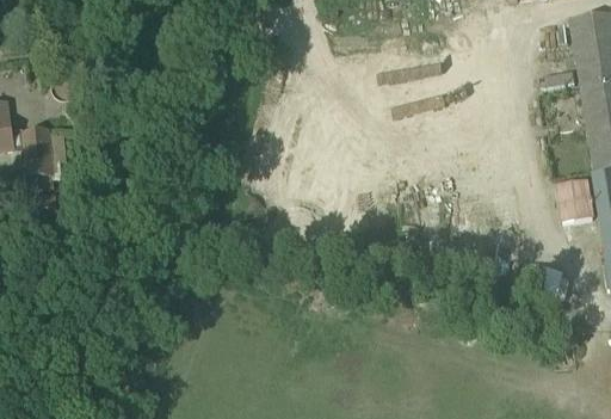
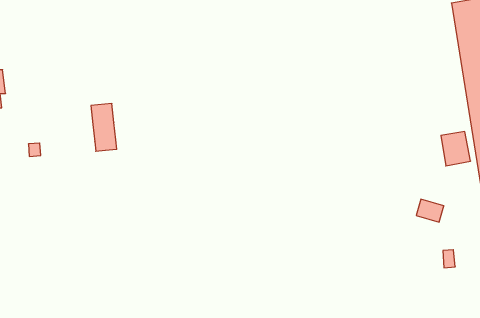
building: [23,128,55,187] -> [91,104,117,151]

